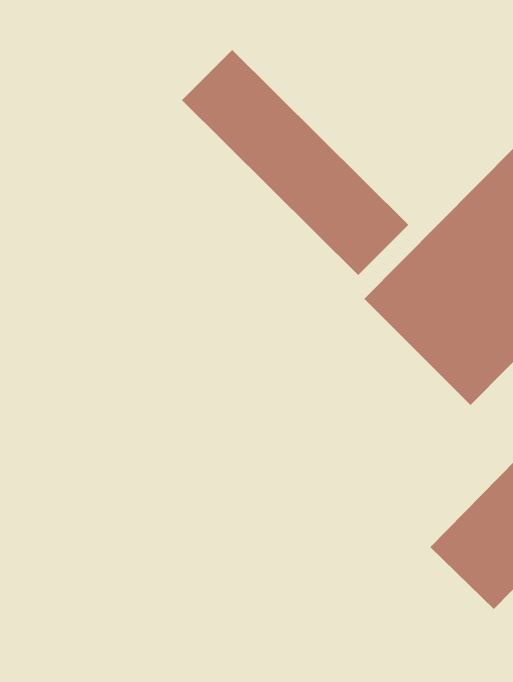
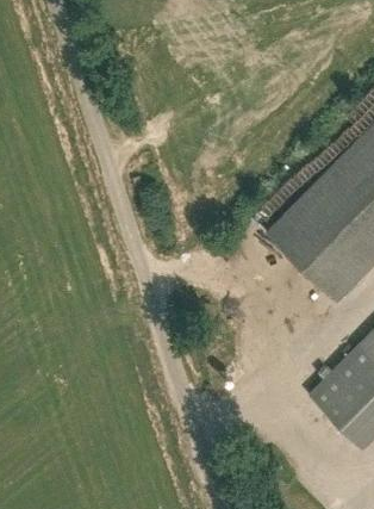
building: [181,49,409,276] -> none

